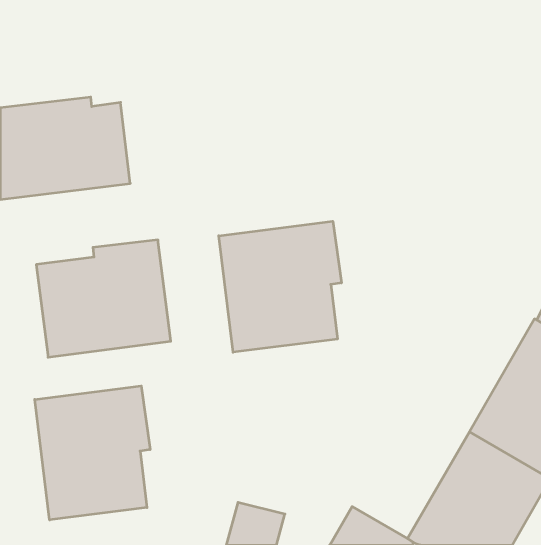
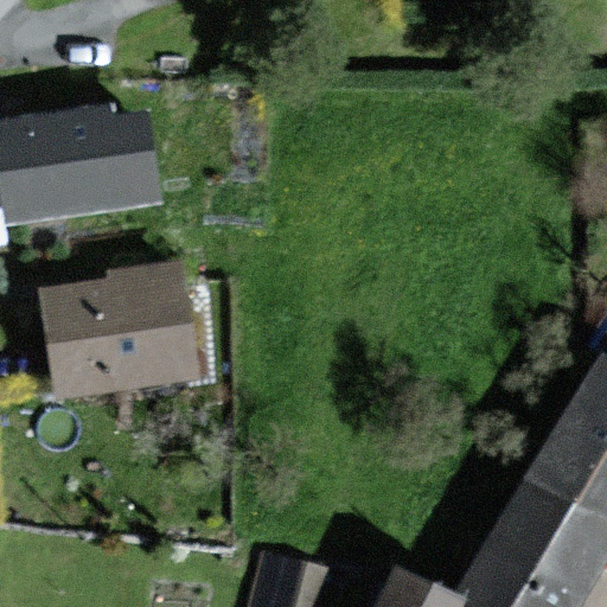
building: [219,221,341,352] -> none
building: [35,386,150,520] -> none

